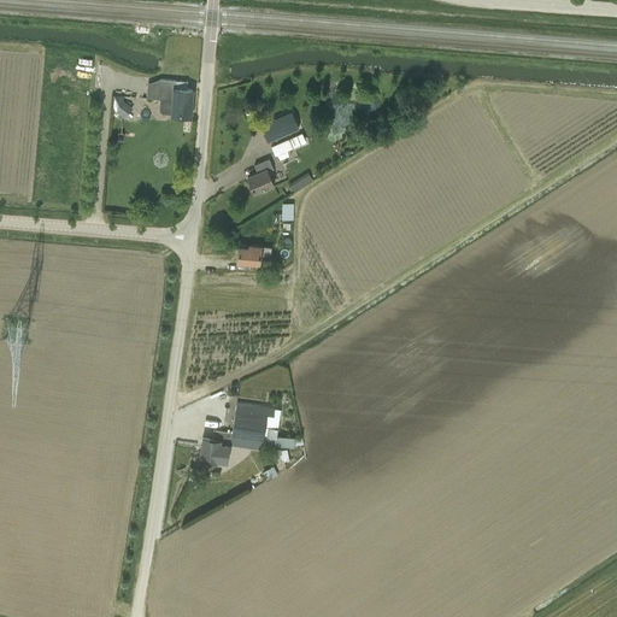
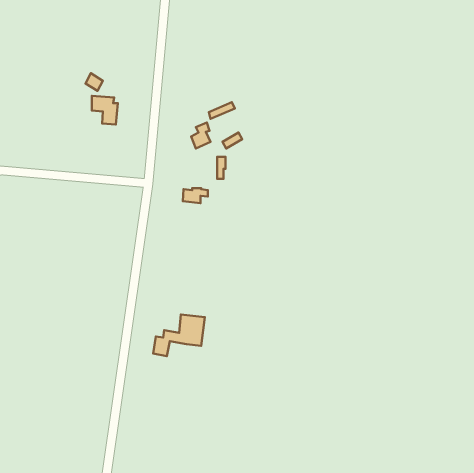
building: [159,81,193,118] -> [92,96,118,125]
building: [262,113,300,143] -> none

